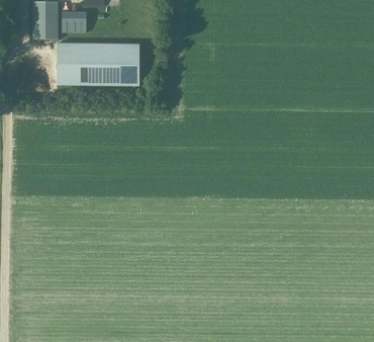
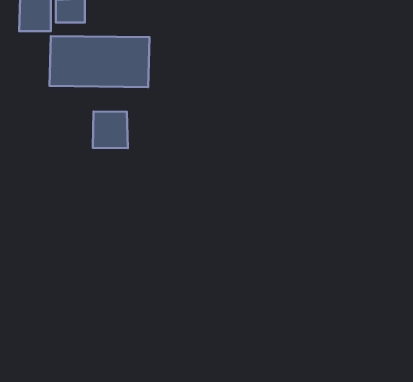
building: none -> [93,112,128,148]

